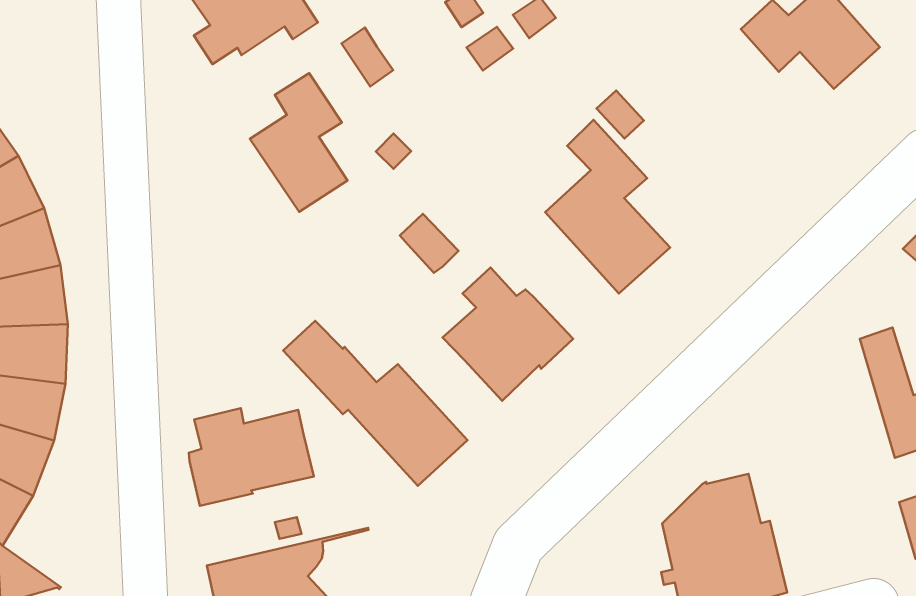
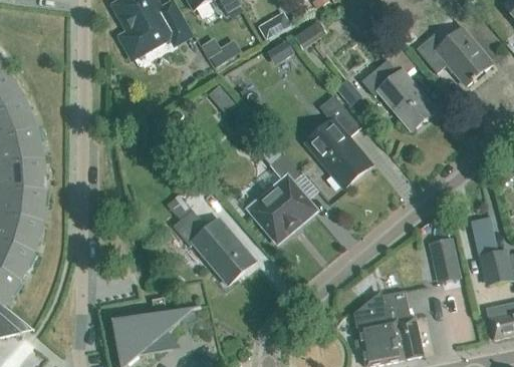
building: none -> [362,45,437,130]
building: [250,73,347,212] -> none
building: [400,214,459,273] -> [271,154,302,187]
building: none -> [429,237,462,282]
building: [189,408,314,506] -> none

